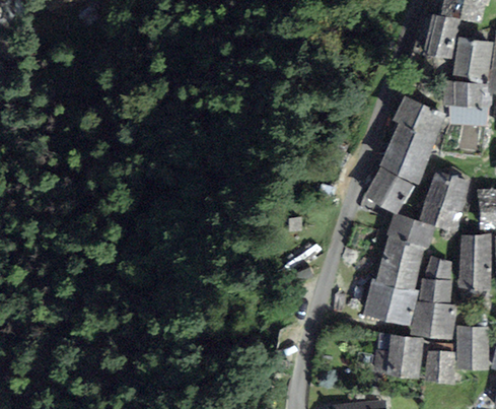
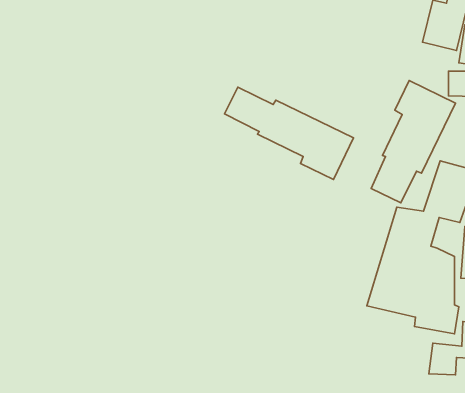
building: none -> [225,87,354,180]
building: [374,334,423,377] -> none

